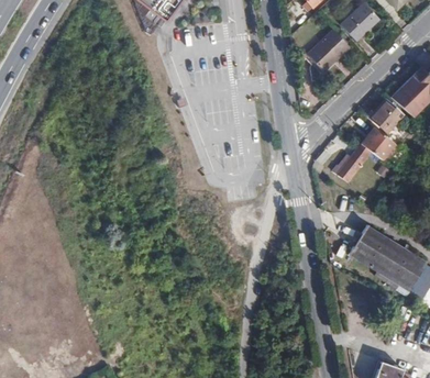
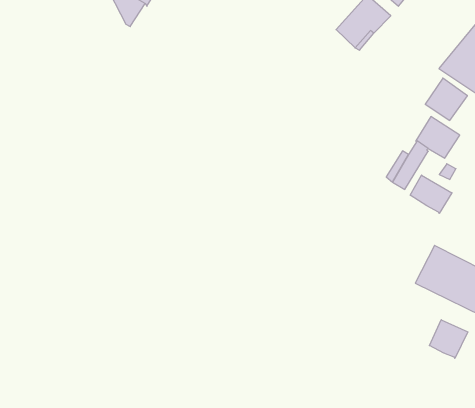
building: none -> [410,175,452,213]
building: none -> [429,320,468,358]

